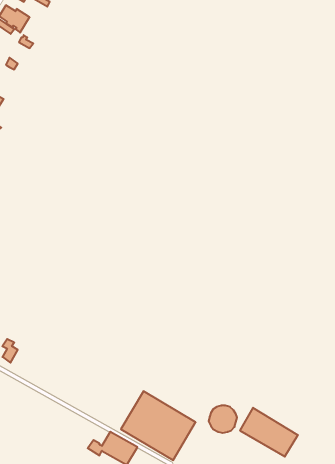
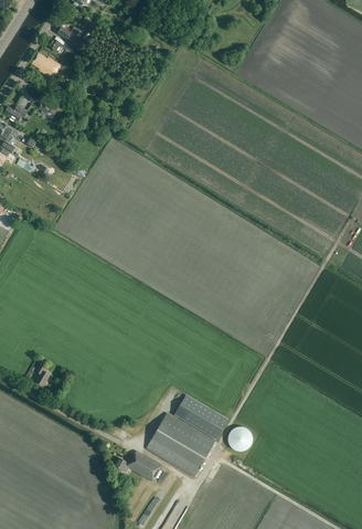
building: [240,408,298,457] -> [174,393,228,438]

